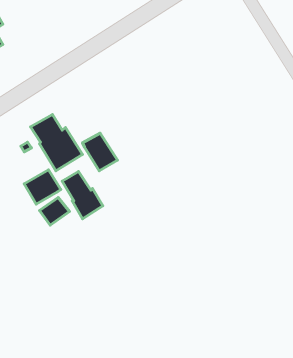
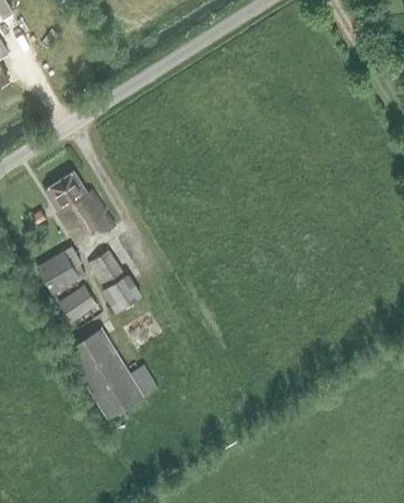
building: [82,133,117,171] -> none
building: none -> [64,327,157,419]

